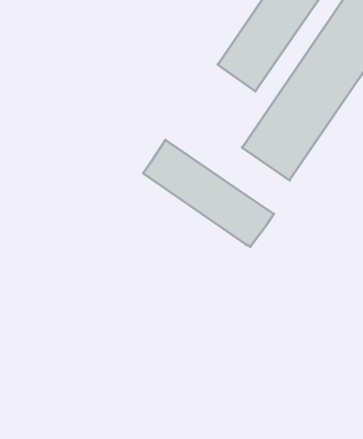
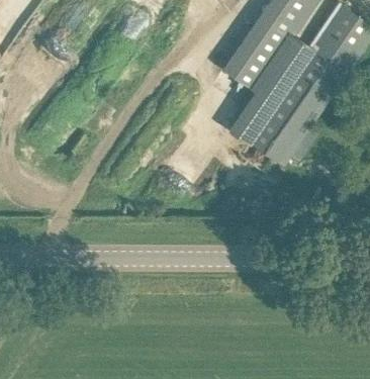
building: [143,140,274,247] -> none

